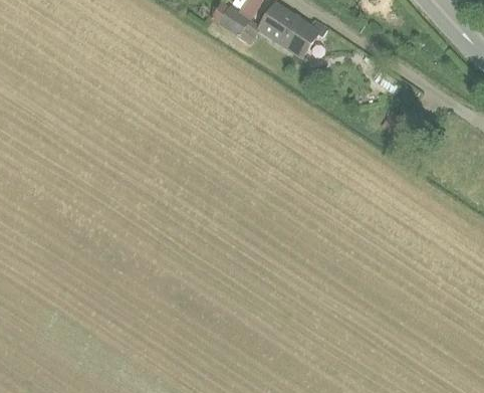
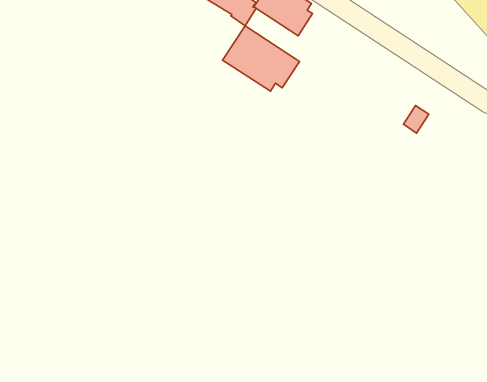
building: none -> [223,26,299,91]

